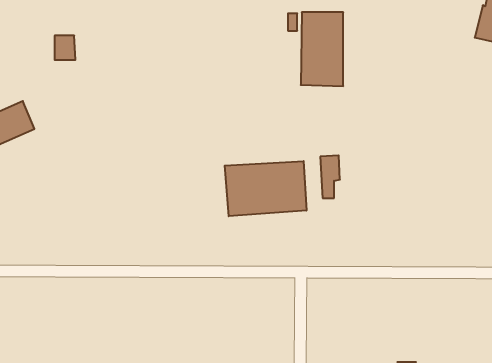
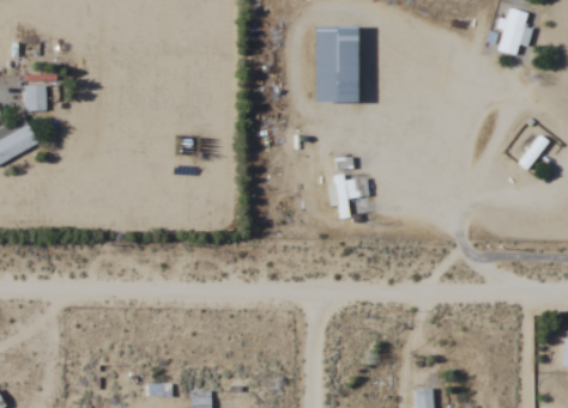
building: [55,36,75,60] -> [25,85,47,110]
building: [225,161,306,216] -> none

